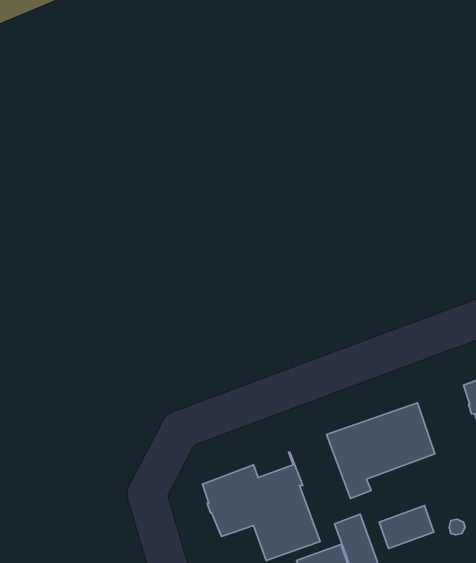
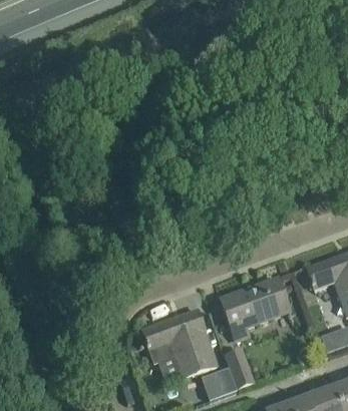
building: [379,506,434,549] -> none

